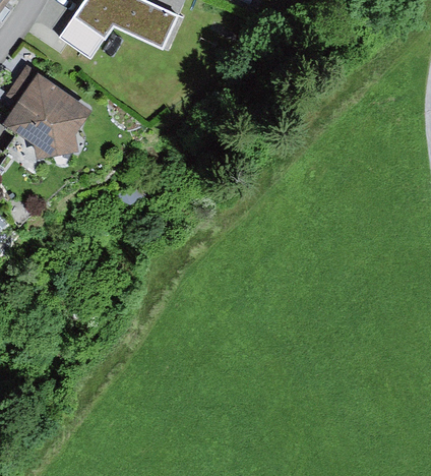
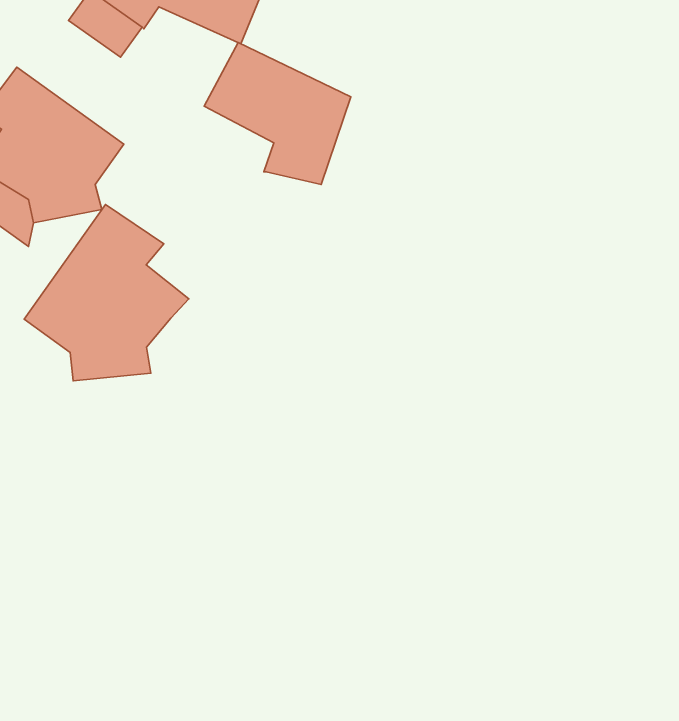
building: none -> [204,43,351,184]
building: none -> [24,204,189,381]

